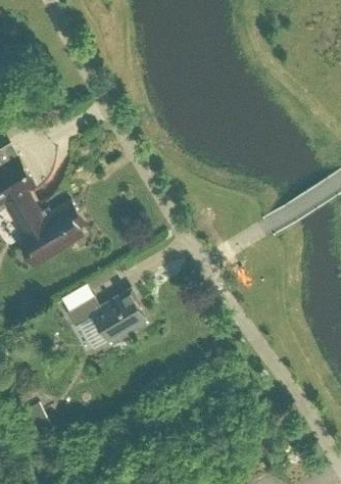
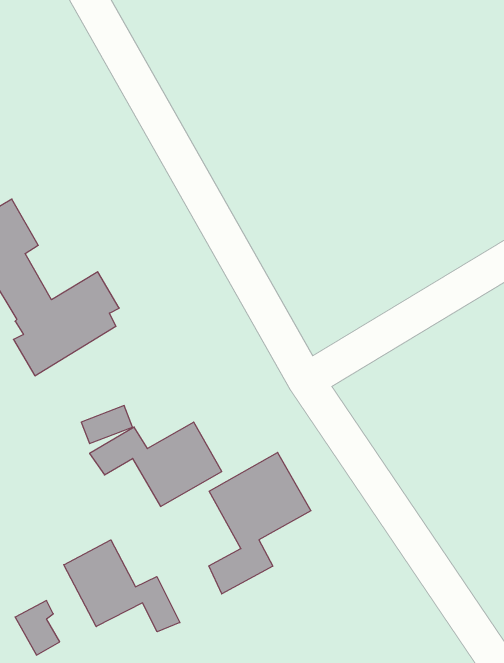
building: none -> [209,452,311,594]
building: none -> [64,540,180,632]

